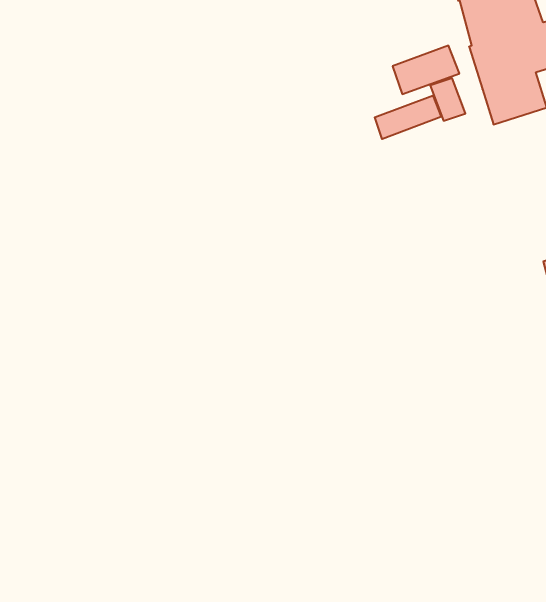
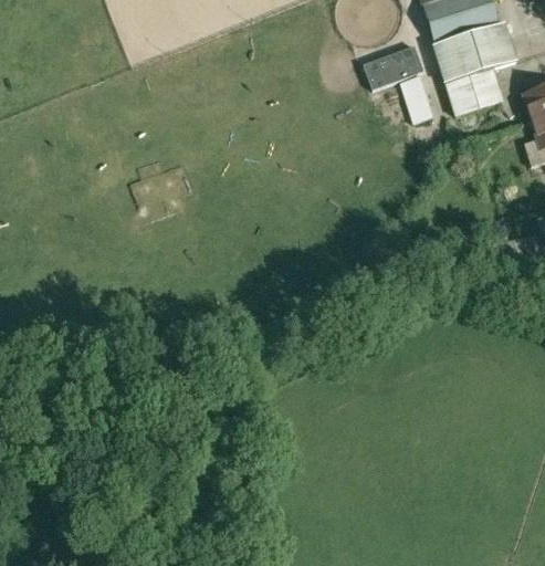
building: [375,96,441,139] -> none

